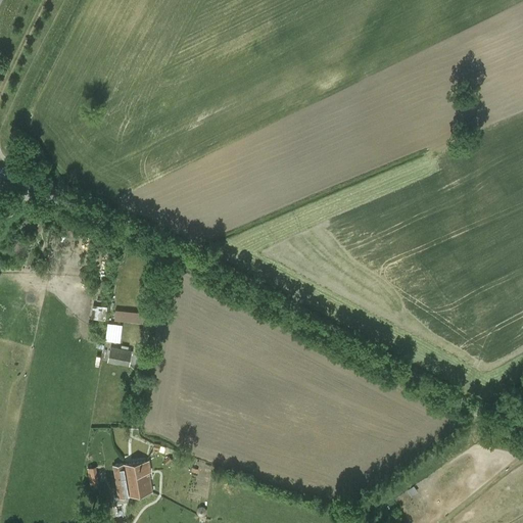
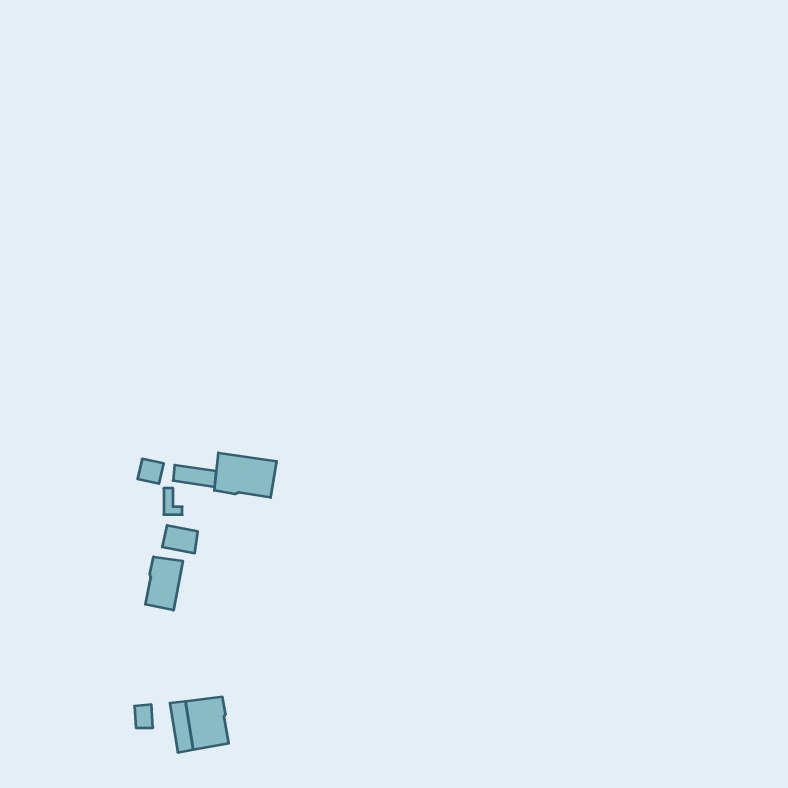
building: none -> [214,453,277,498]
building: none -> [145,557,183,610]

